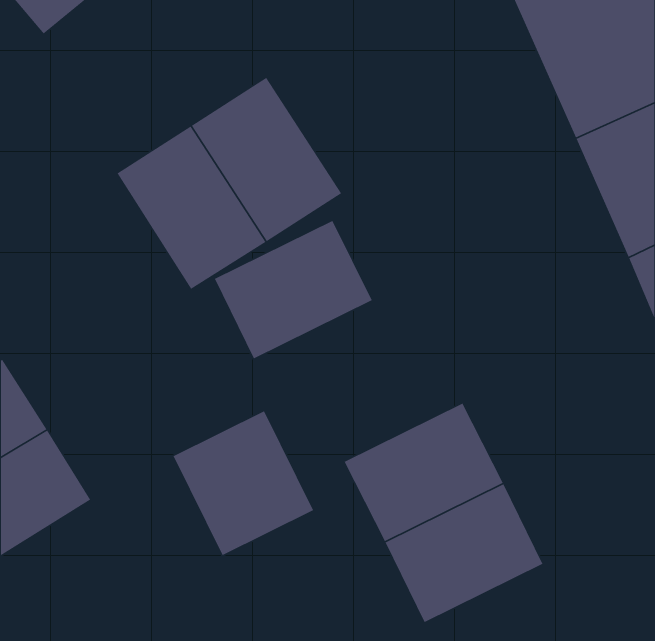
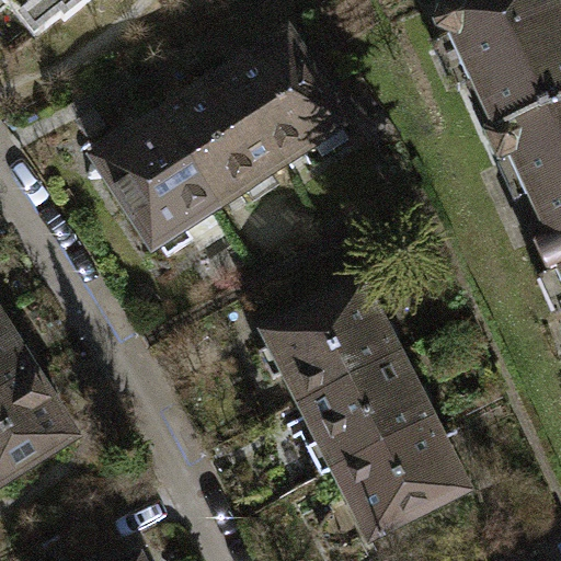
building: none -> [228,25,356,165]
building: [214,220,373,359] -> [260,275,396,394]
building: [173,410,314,556] -> none

